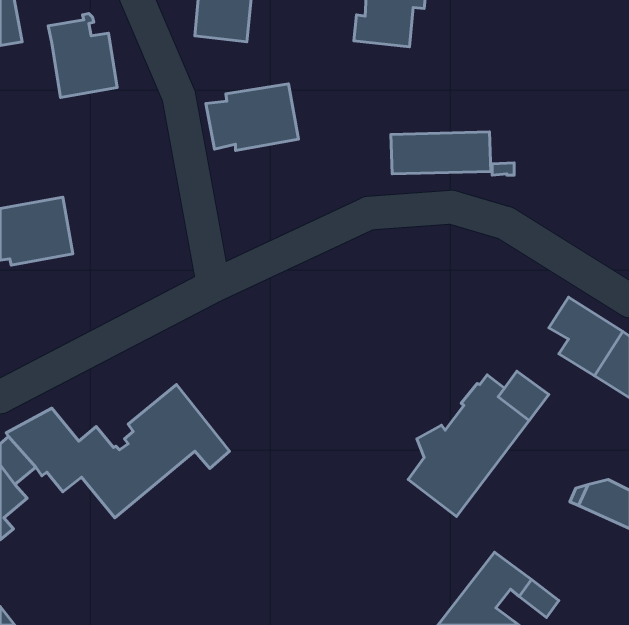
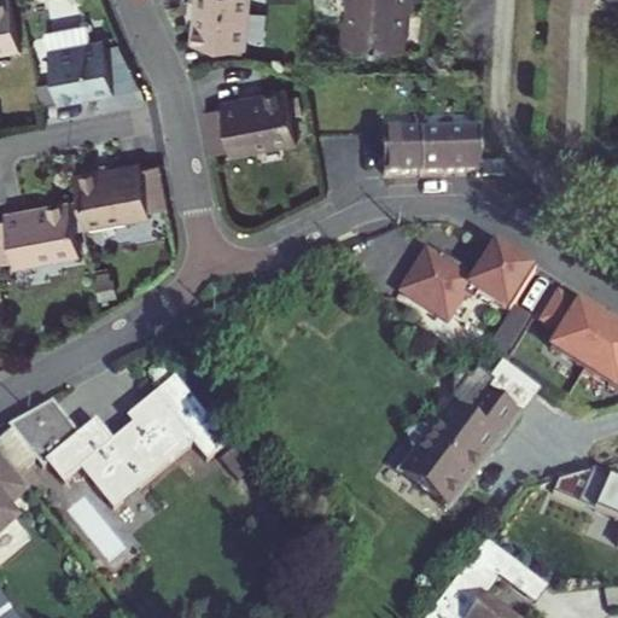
building: none -> [71,148,164,217]
building: none -> [398,245,535,322]

